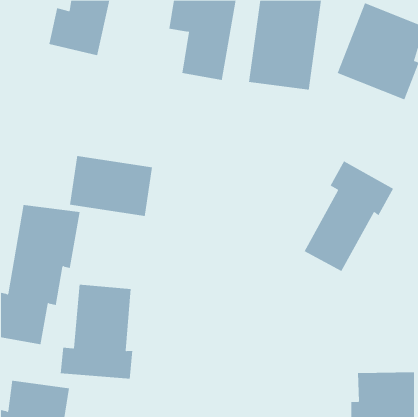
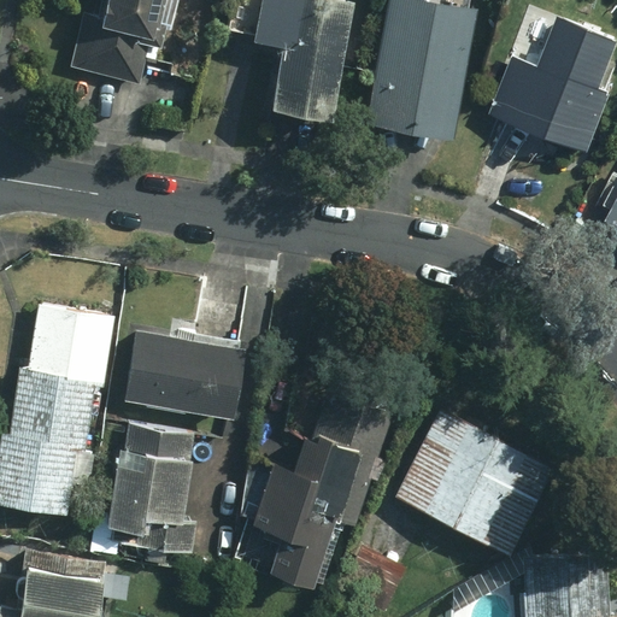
building: [69,156,153,216] -> [121,330,243,419]
building: [304,161,394,272] -> none
building: none -> [233,389,399,587]
building: none -> [390,406,554,558]

